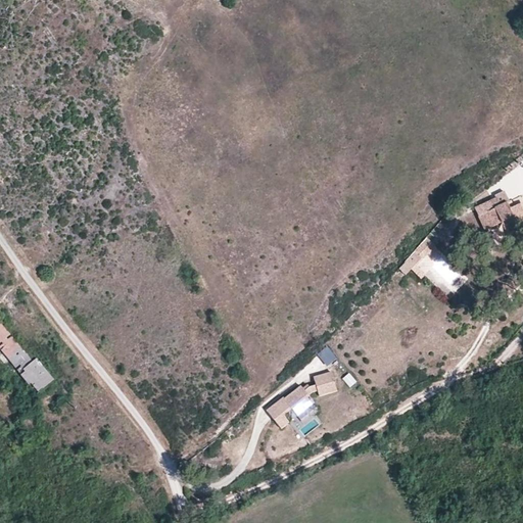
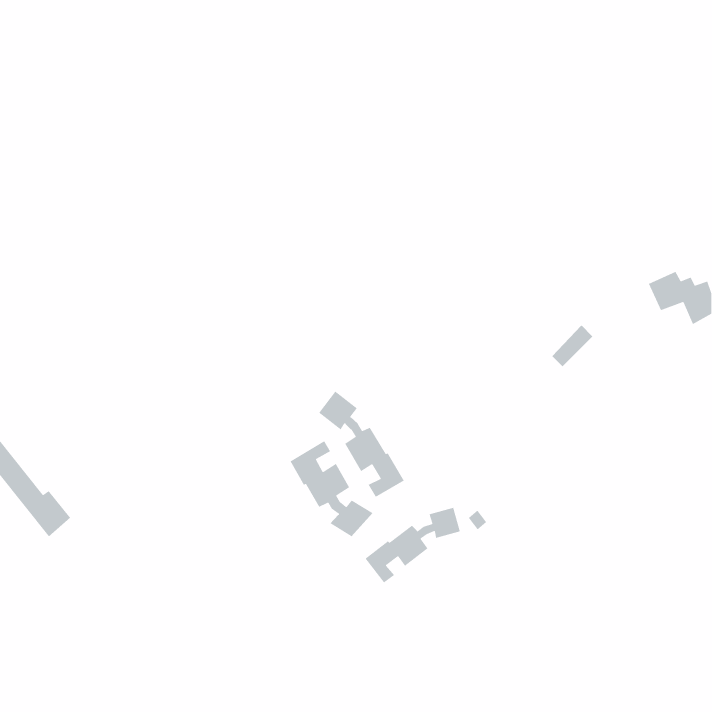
building: none -> [318,390,405,498]
building: none -> [289,440,373,537]

